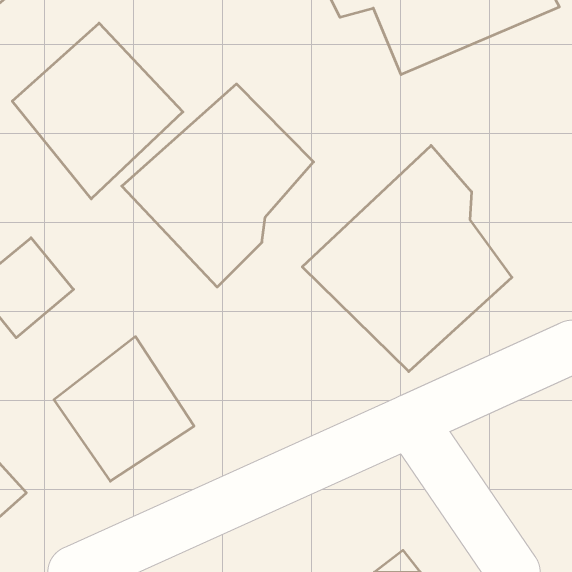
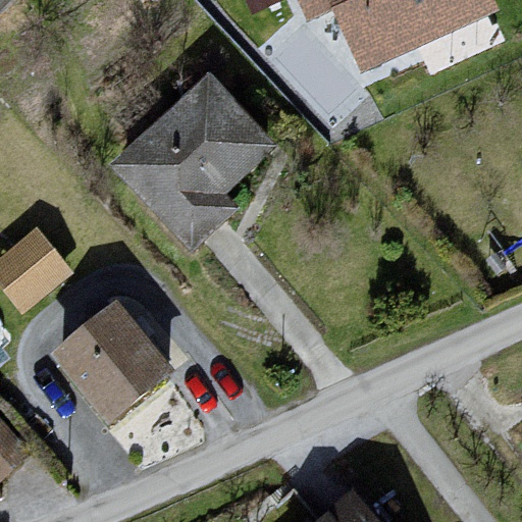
building: [12,23,183,199] -> none
building: [302,145,512,372] -> none

